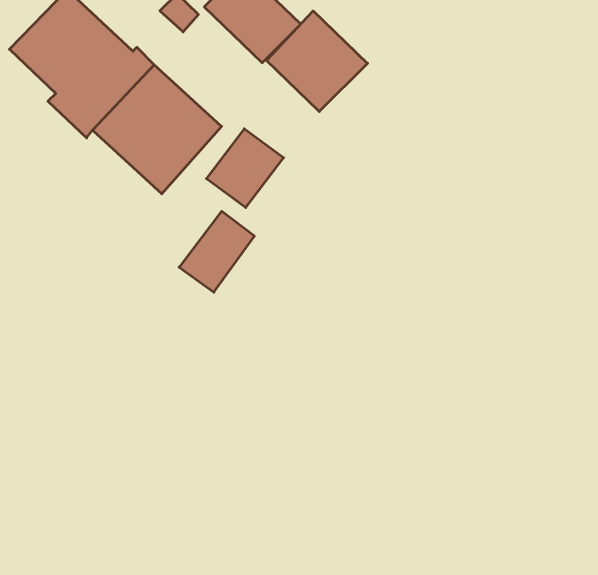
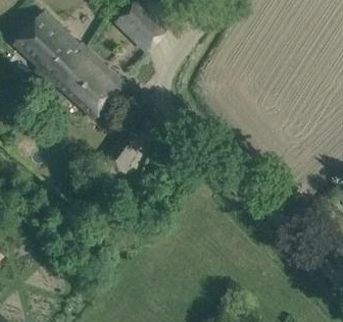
building: [267,11,368,112] -> none
building: [206,129,284,208] -> none

